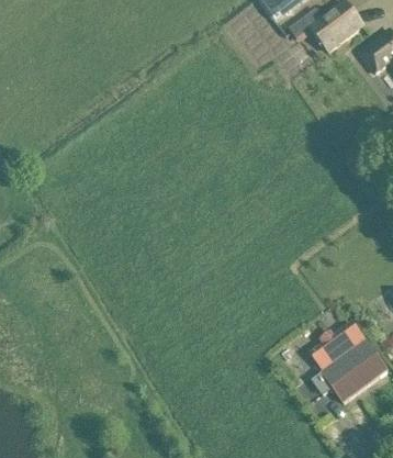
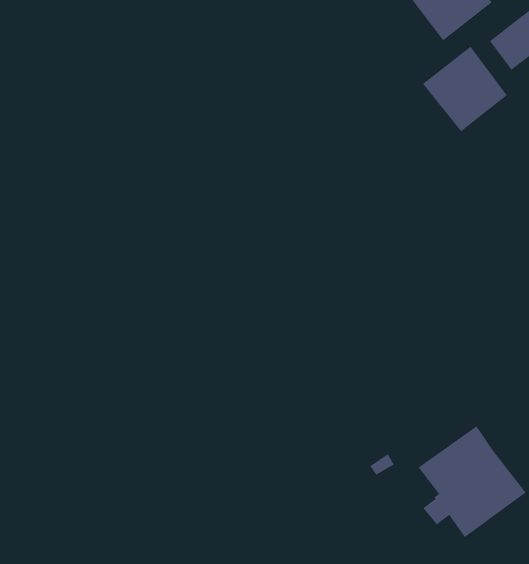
building: none -> [422,46,507,132]

